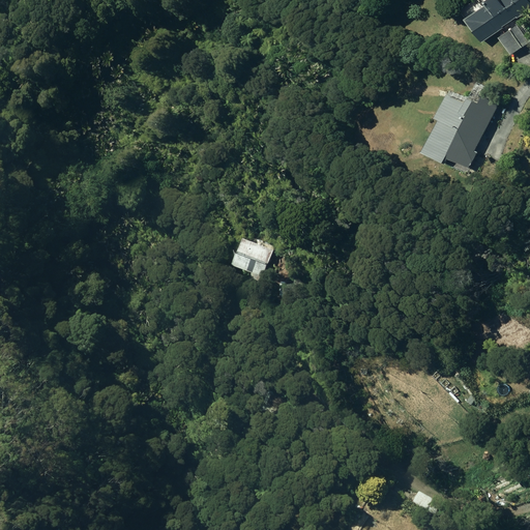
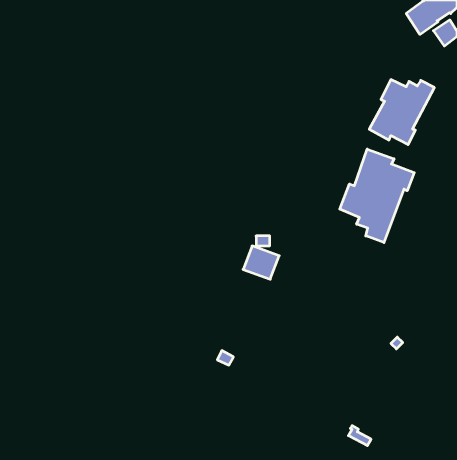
building: none -> [340,149,414,243]
building: [231,237,272,275] -> [243,246,279,279]

